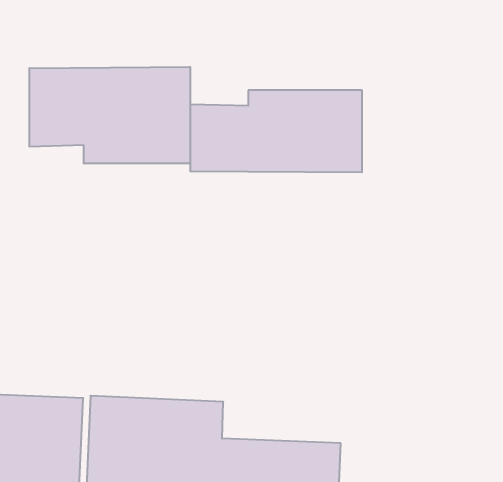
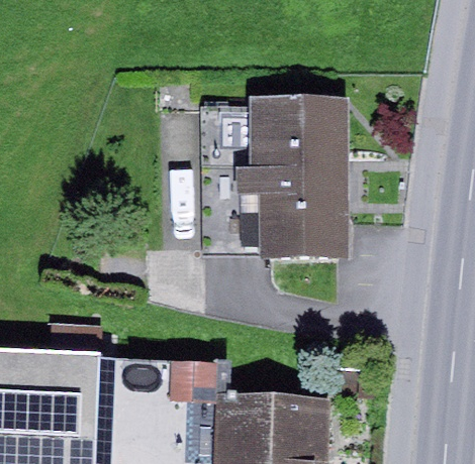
building: [29,67,190,164] -> none
building: none -> [202,164,349,255]

